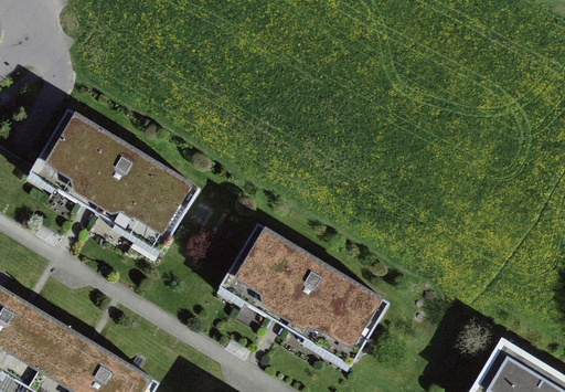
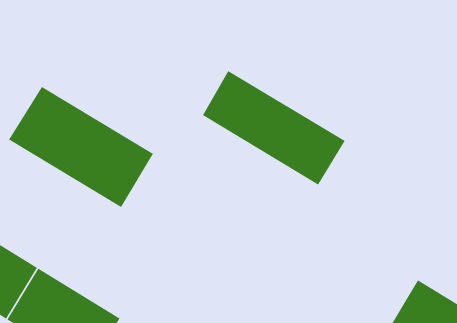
building: none -> [202,70,346,185]
building: [221,226,386,367] -> none

